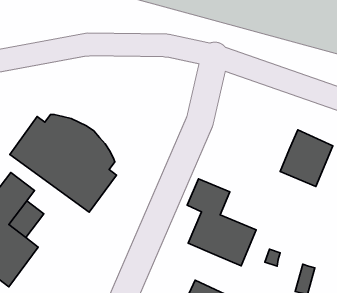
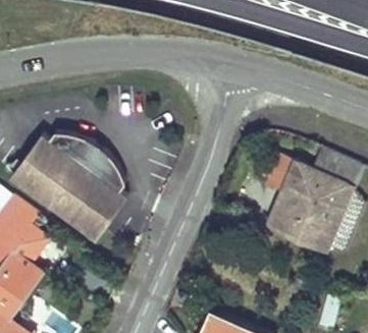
building: [187,179,256,266] -> [267,157,341,251]

